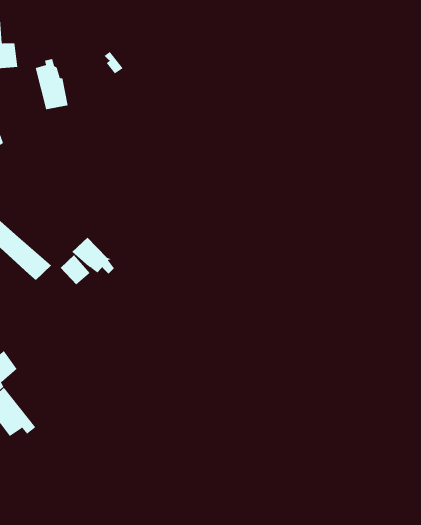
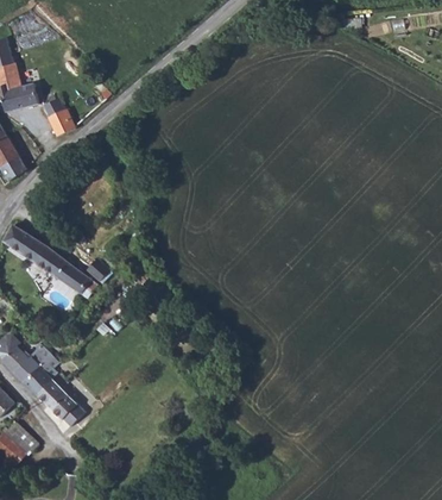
building: [72,237,115,274] -> [64,268,102,298]

